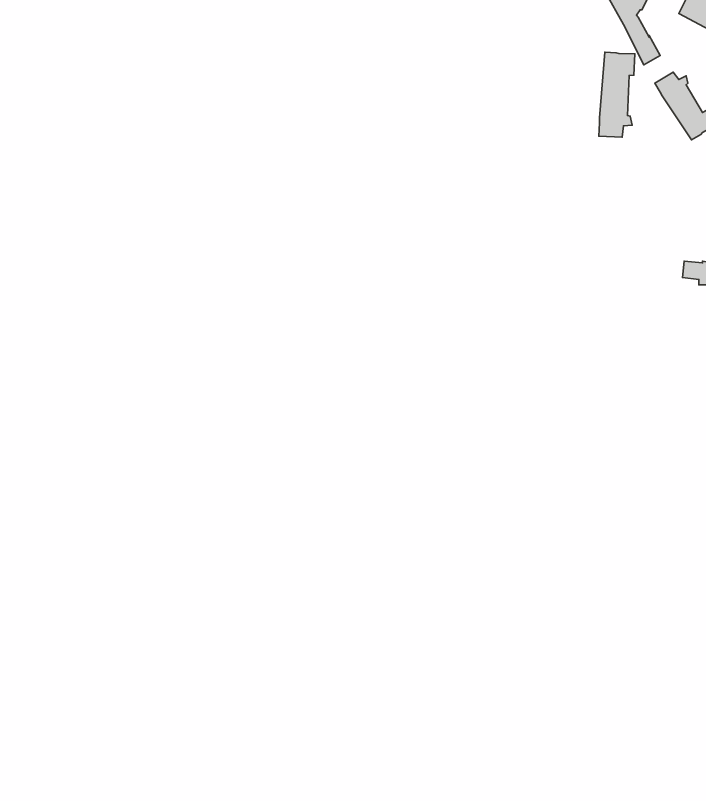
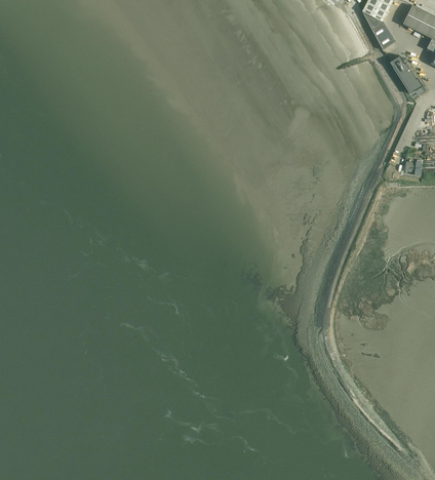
building: [599,52,635,137] -> none

